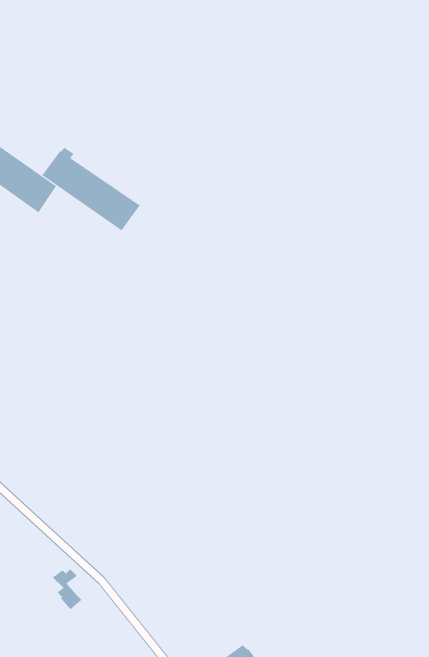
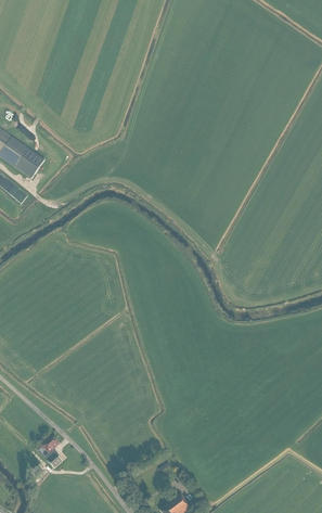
building: [42,147,140,231] -> none

